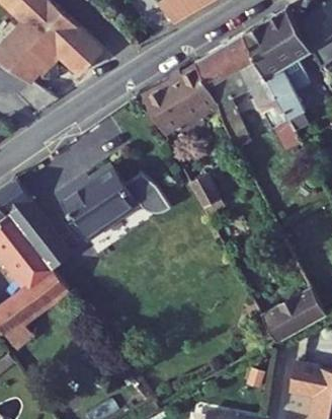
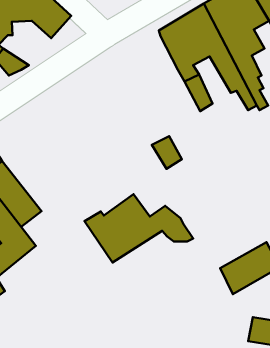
building: [141,70,216,137] -> none
building: [57,167,171,239] -> [84,194,193,263]

